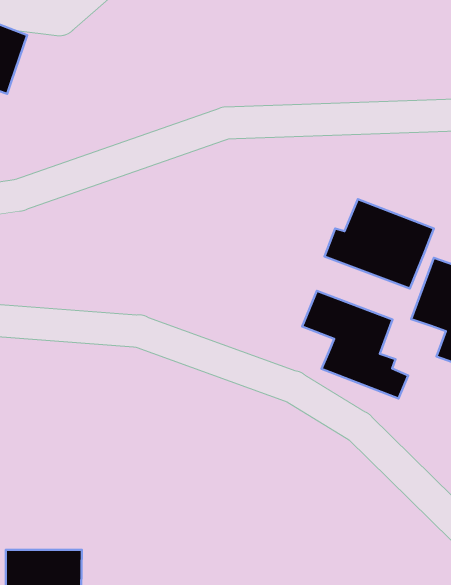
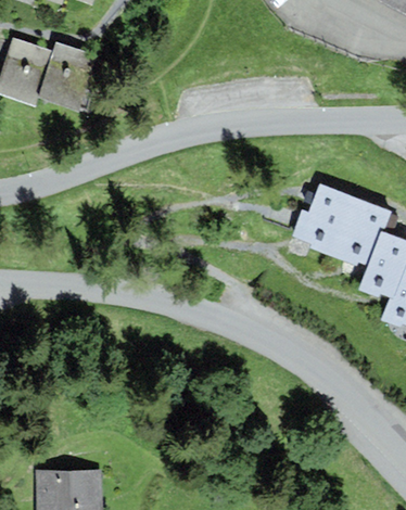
building: none -> [40,41,94,103]
building: [302,291,408,398] -> none

